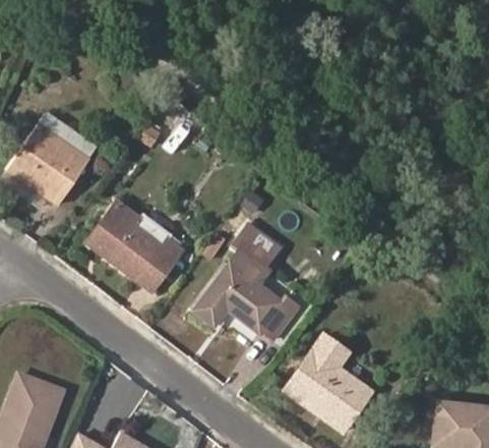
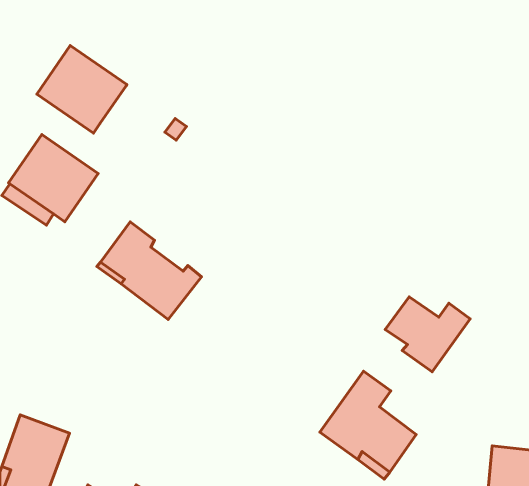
building: none -> [37,45,127,133]
building: [196,222,300,338] -> none
building: none -> [385,297,470,372]

